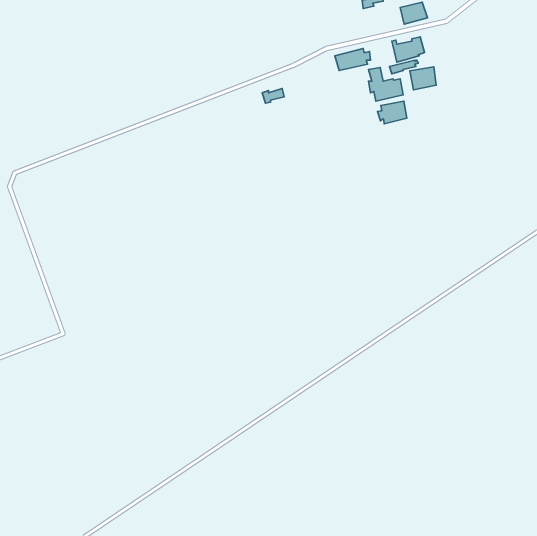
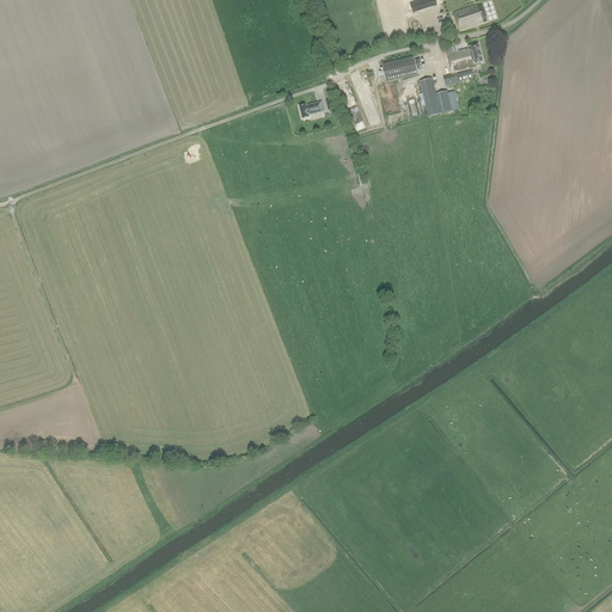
building: [410,67,436,90] -> none
building: [378,101,407,124] -> none

